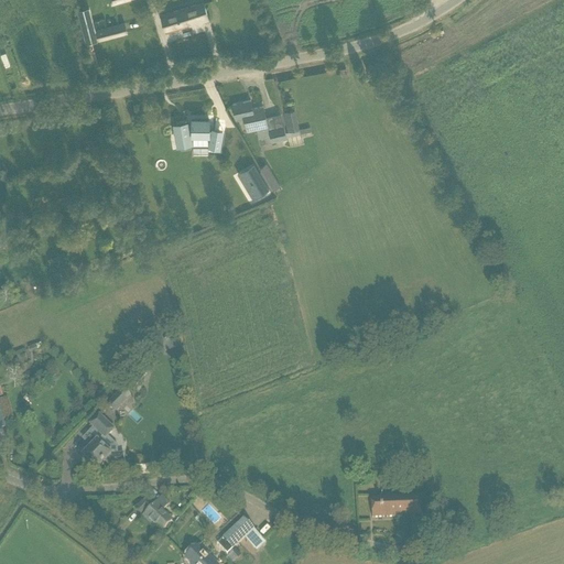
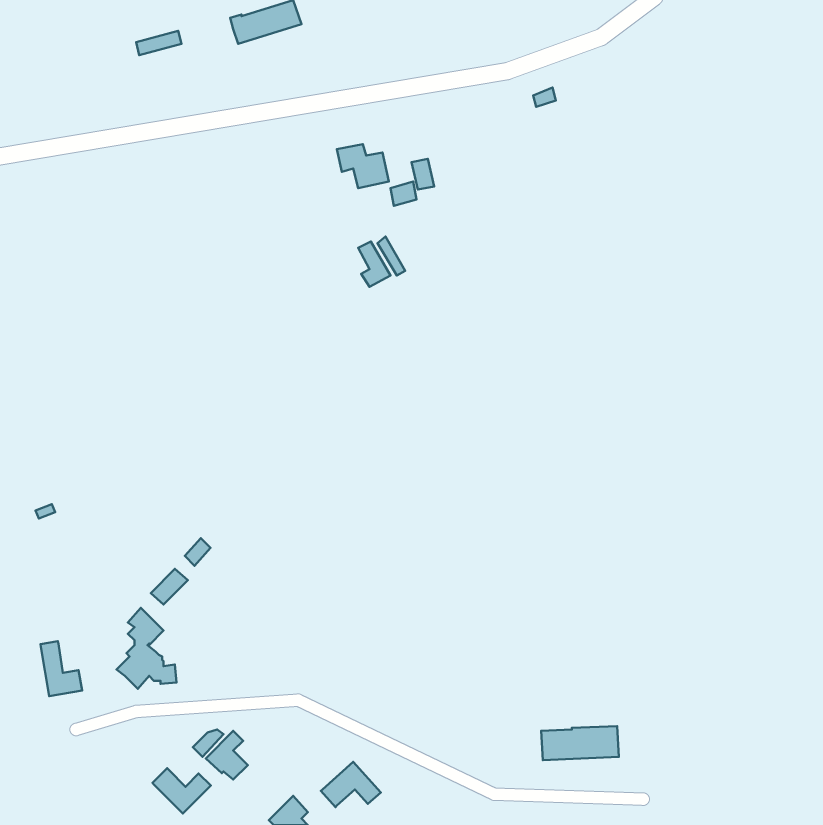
building: [174,119,220,149] -> none
building: none -> [41,641,82,696]
building: none -> [152,768,211,813]

